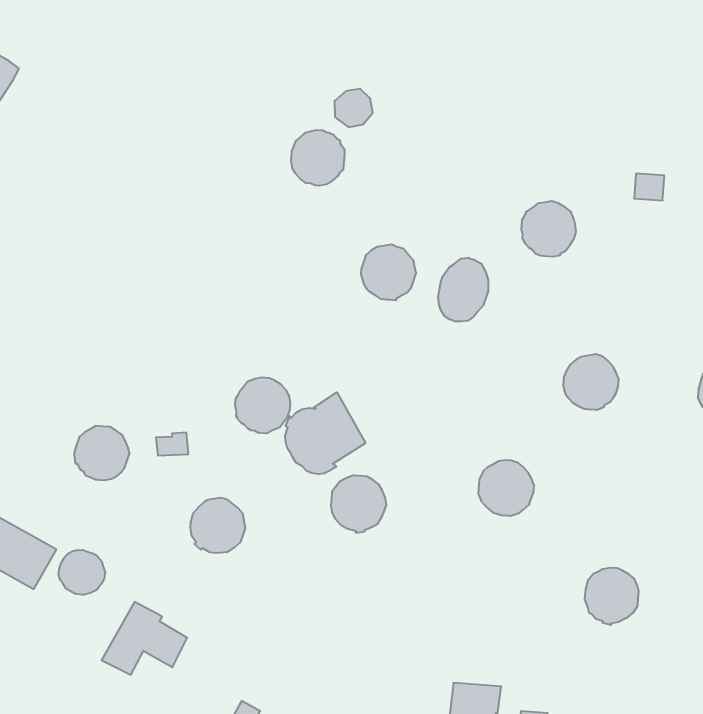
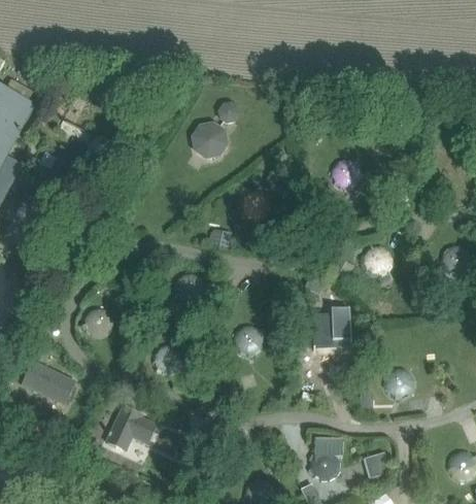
building: [438,258,488,322] -> none
building: [285,392,365,474] -> none
building: [58,550,105,595] -> none

